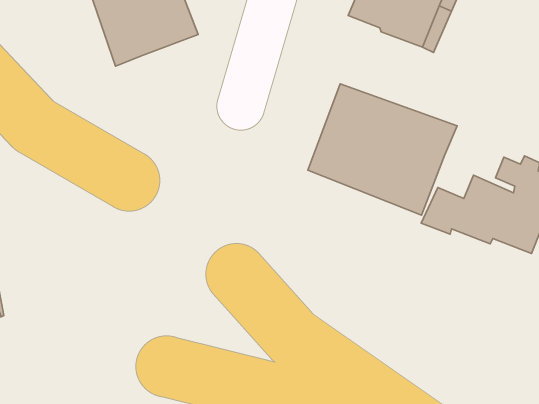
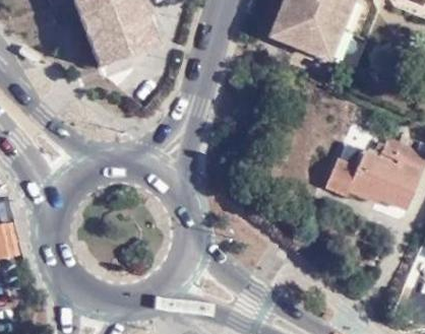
building: [308,84,457,215] -> none

